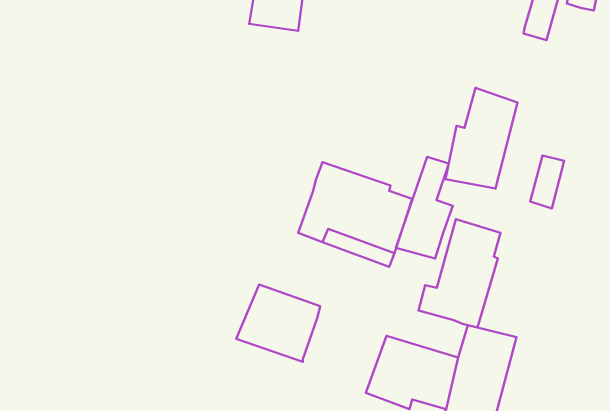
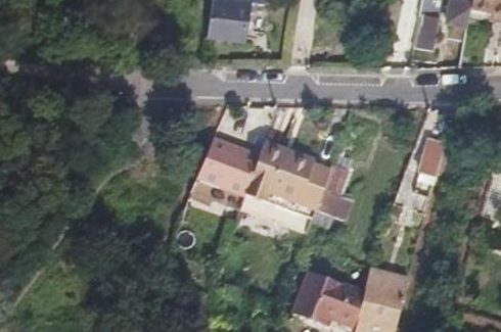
building: [445,88,518,188] -> none
building: [419,219,501,327] -> none
building: [236,285,320,362] -> [194,139,258,197]

